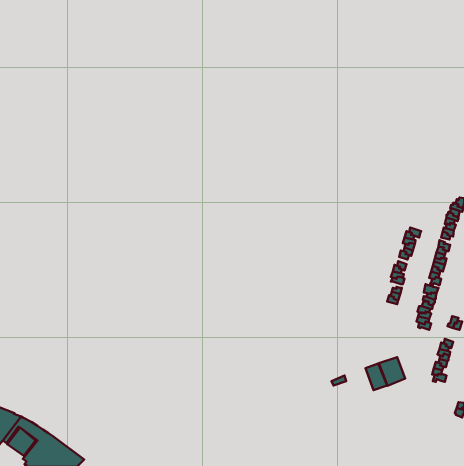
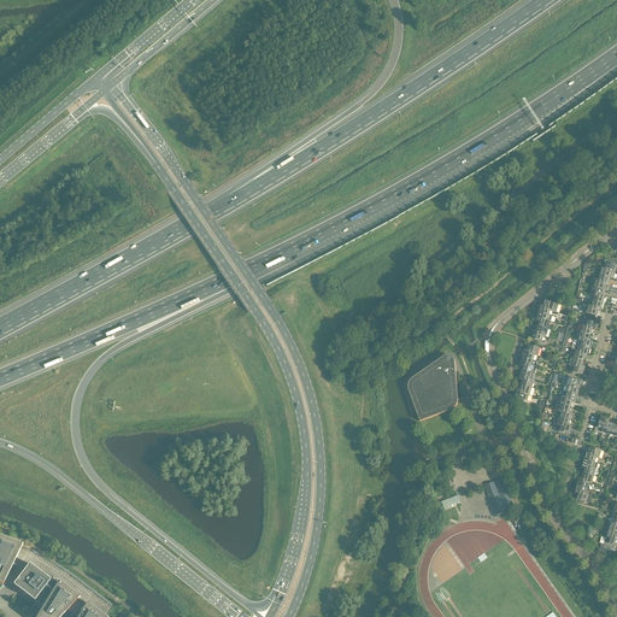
building: none -> [405,357,454,423]
building: [379,357,405,386] -> none

